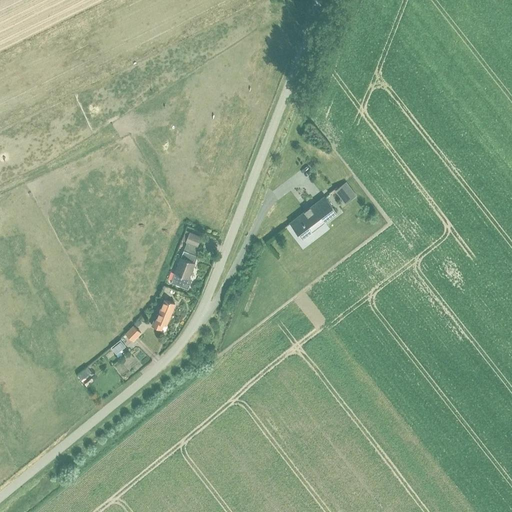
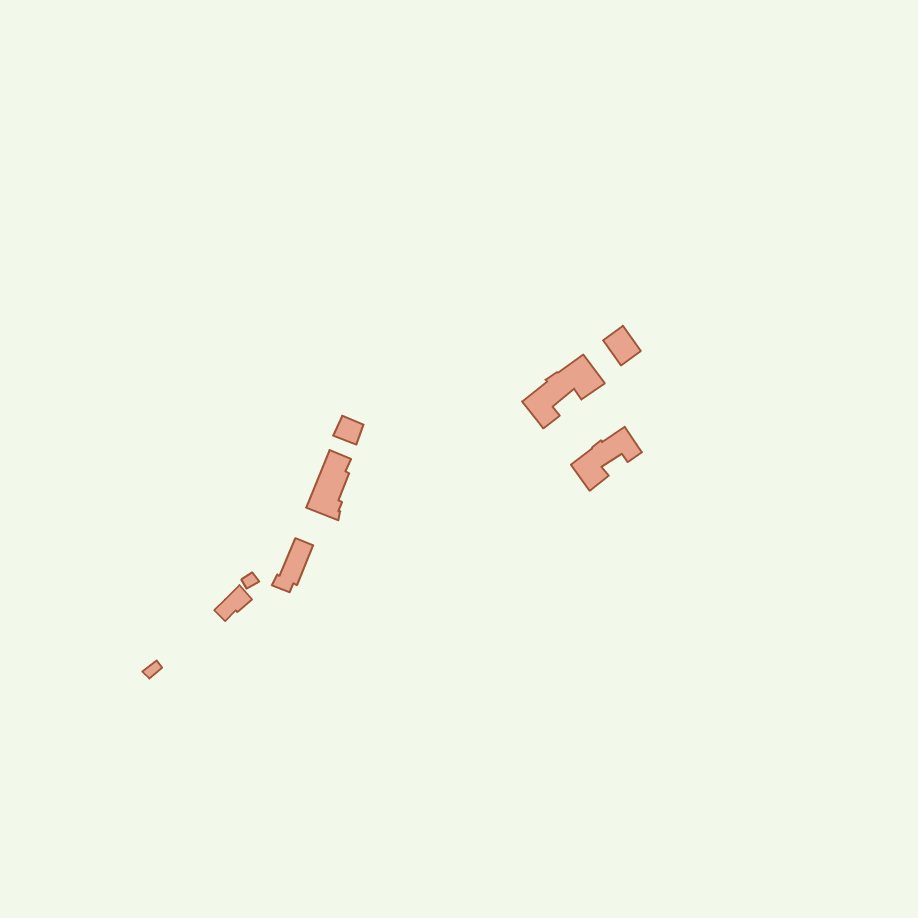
building: none -> [571,427,642,491]

